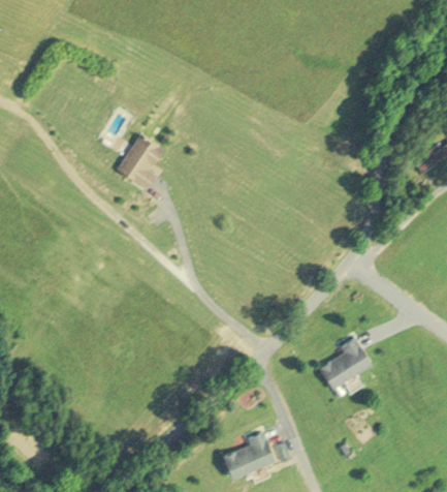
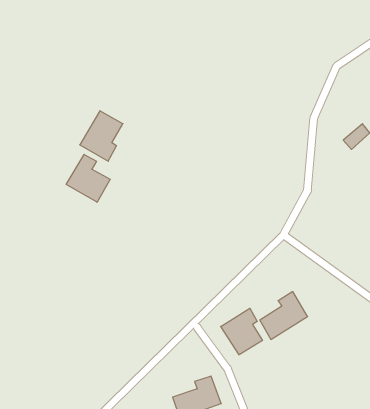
building: none -> [66,154,110,202]
building: none -> [221,308,262,355]

